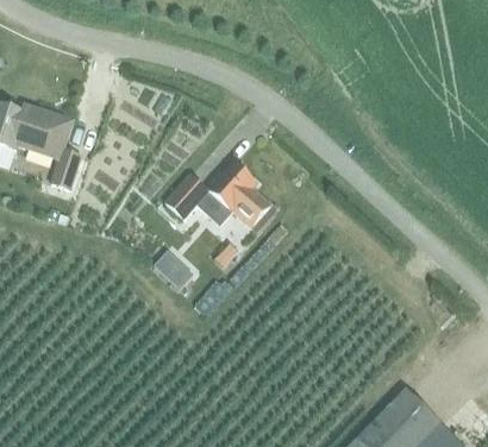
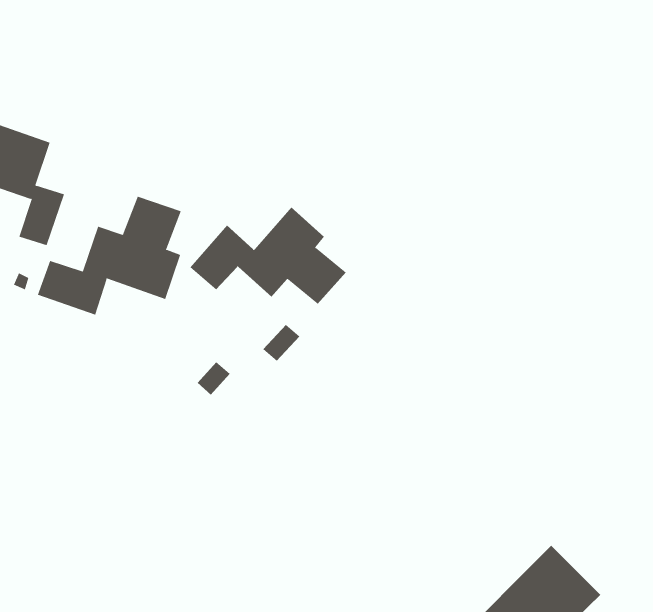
building: none -> [37,196,182,316]

